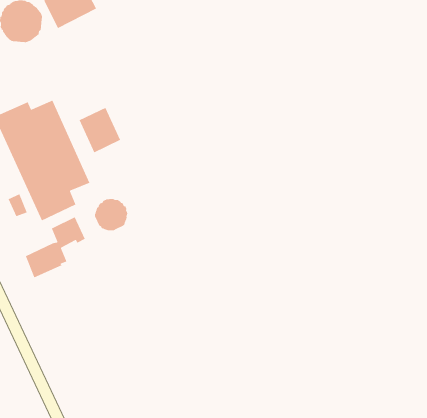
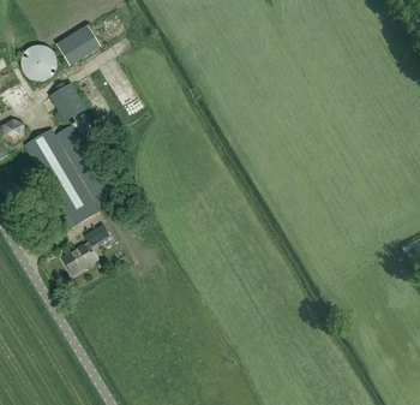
building: [79,107,121,153] -> [49,82,86,121]
building: [94,198,128,231] -> none

